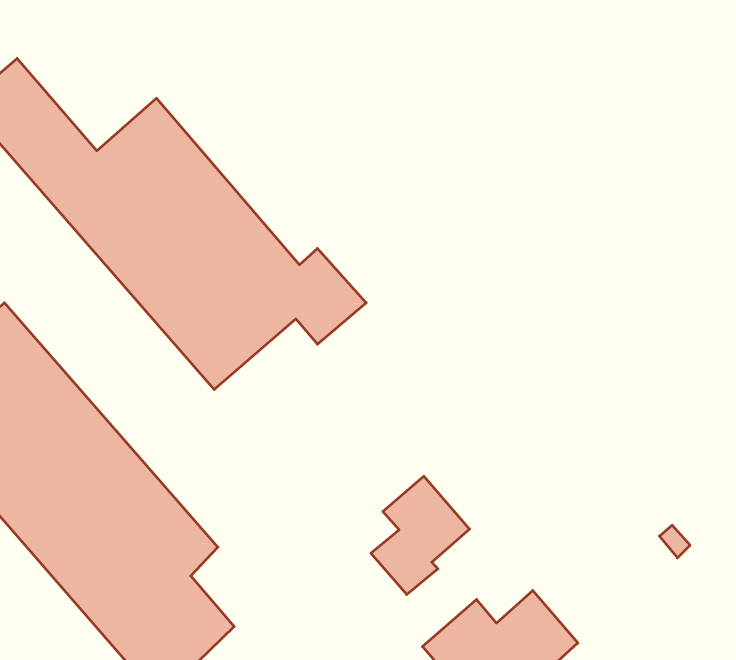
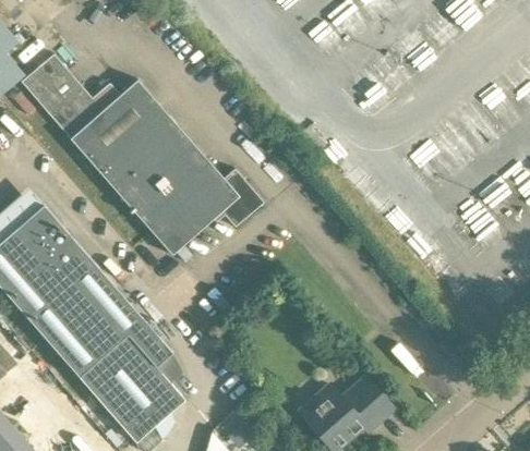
building: [371,476,470,595] -> none

